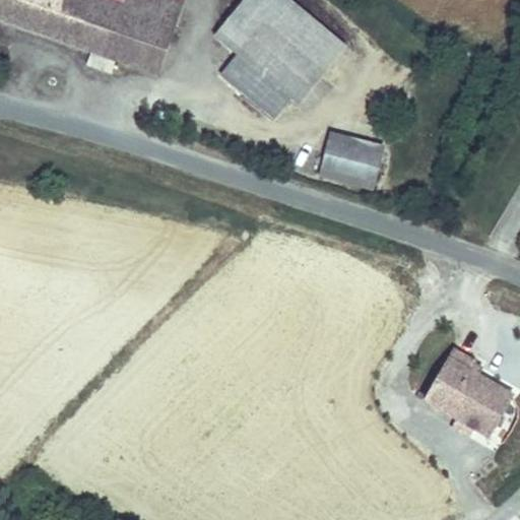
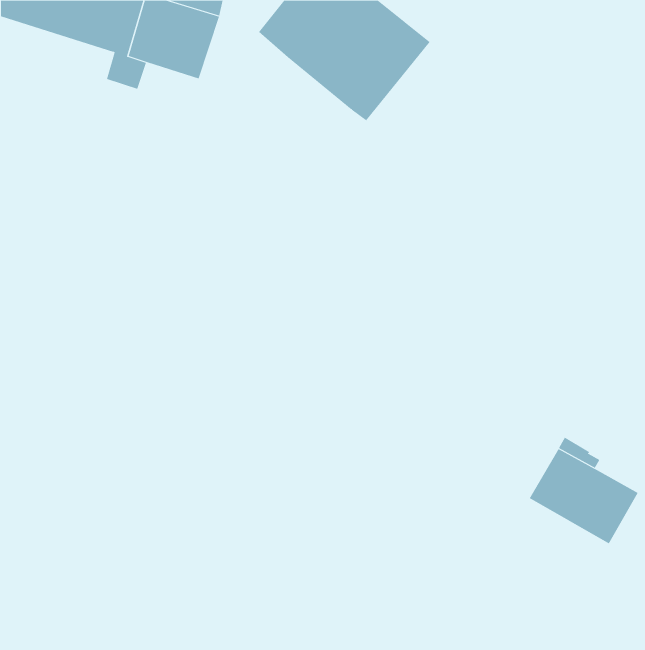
building: [221,48,285,106] -> none
building: [316,130,386,186] -> none

